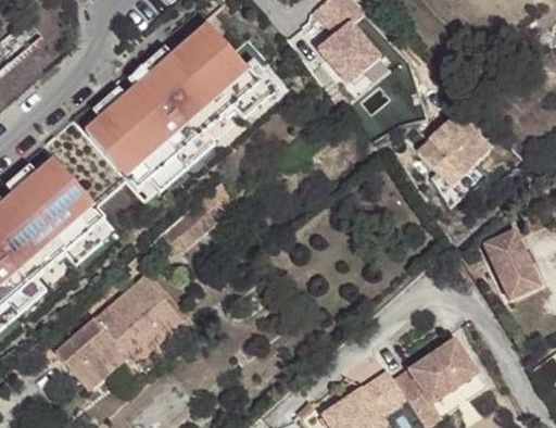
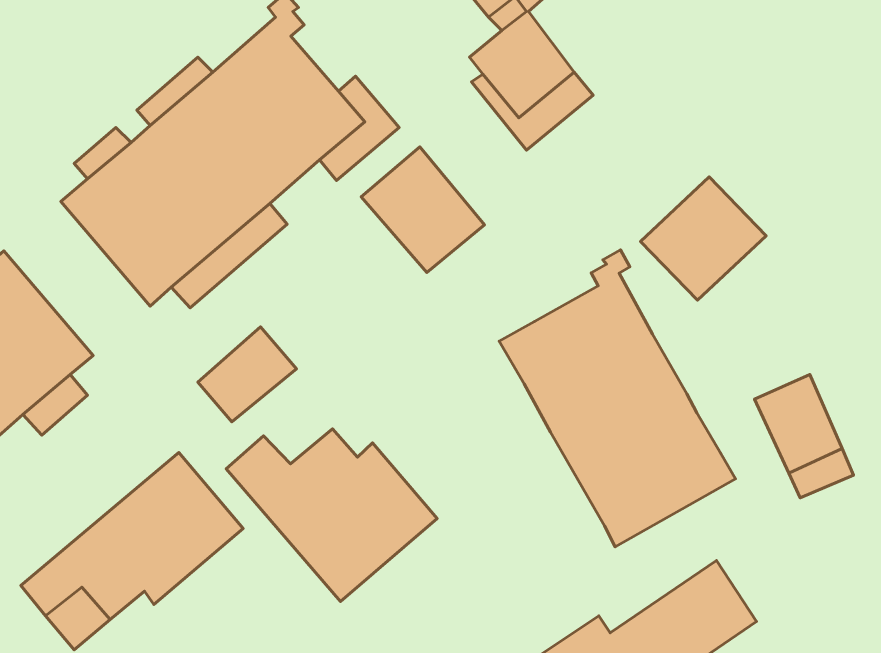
building: none -> [361,147,485,273]
building: none -> [499,250,735,547]
building: none -> [226,429,437,601]

